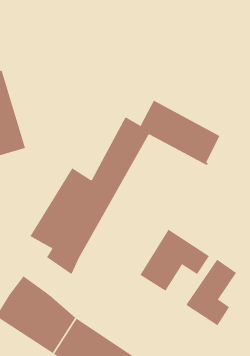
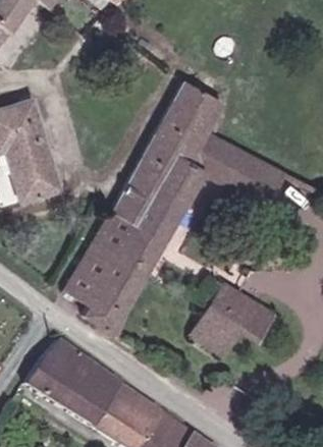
building: none -> [114,77,224,224]
building: [186,259,237,326] -> none

